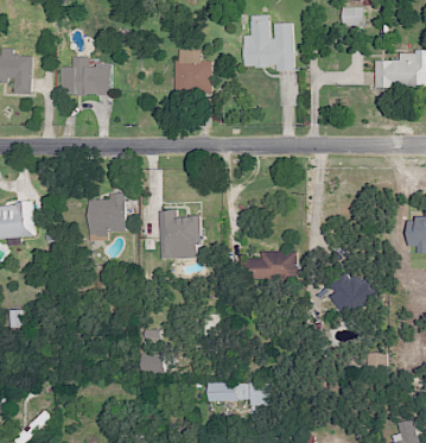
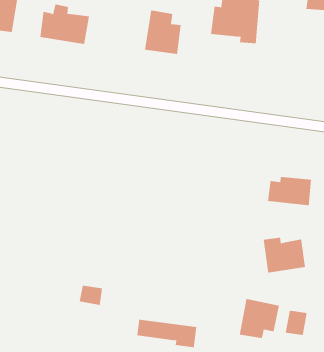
building: [88,192,125,233] -> none
building: [159,210,201,258] -> none
building: [250,251,297,280] -> [267,176,312,206]
building: none -> [239,298,279,339]

